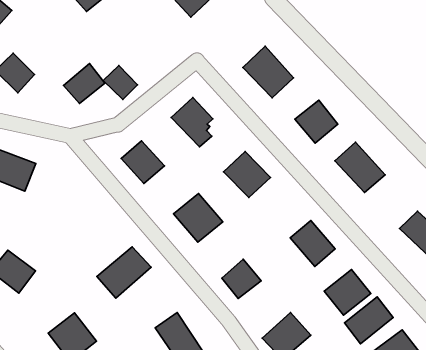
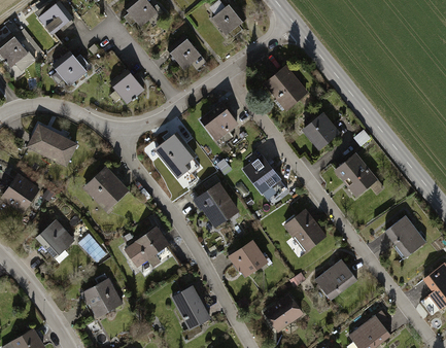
building: [103,66,138,99] -> [171,38,200,67]
building: none -> [90,172,132,215]
building: [344,297,393,344] -> none

